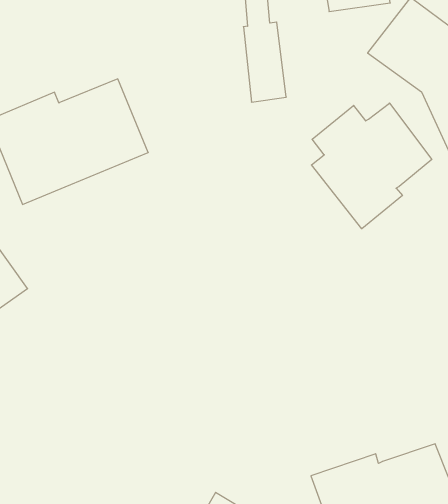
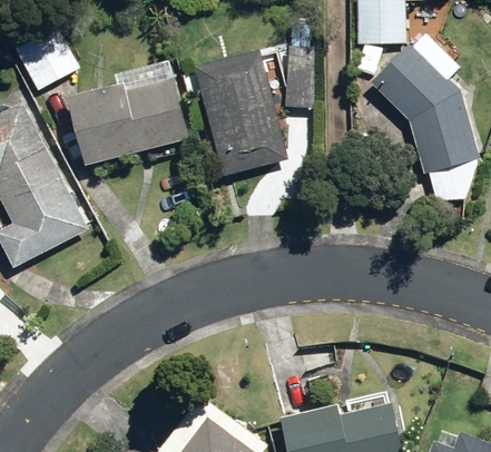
building: none -> [189,53,284,180]
building: [311,103,432,229] -> none

